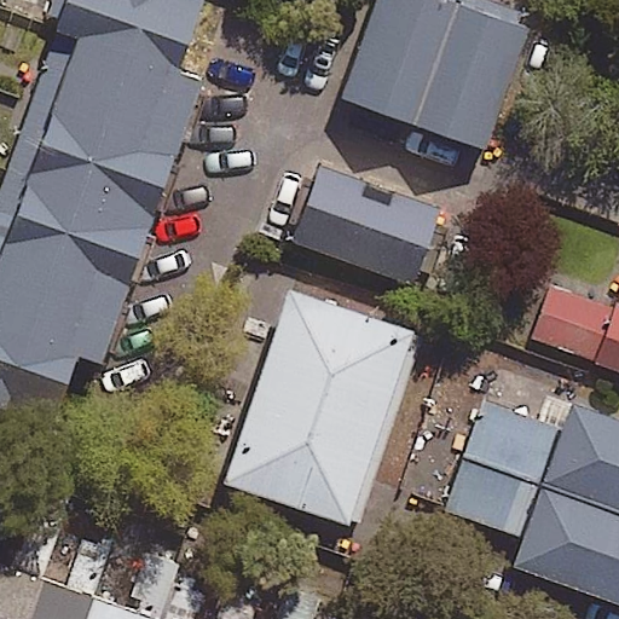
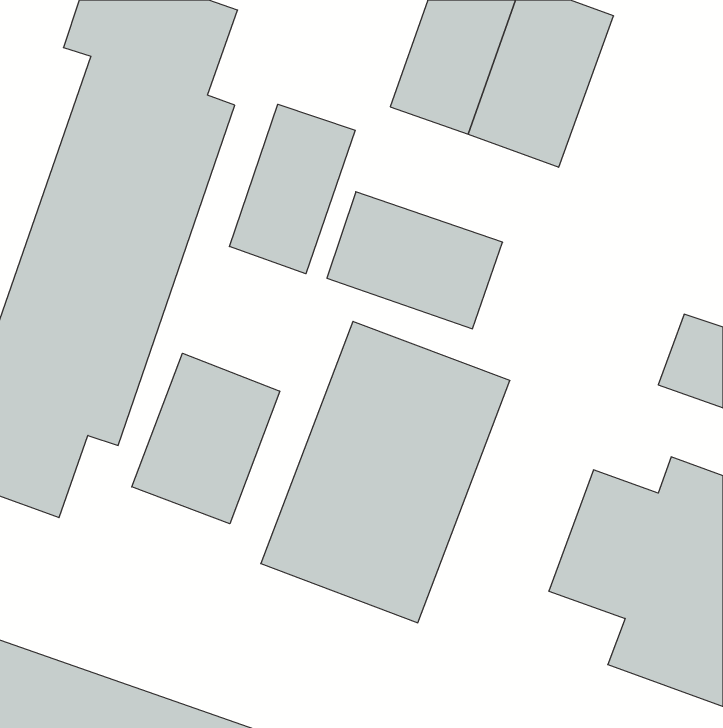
building: none -> [229,104,355,274]
building: none -> [132,353,280,524]

